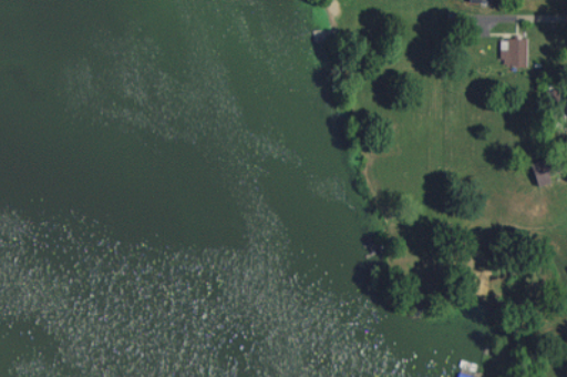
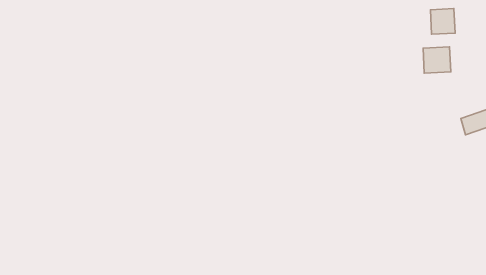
building: none -> [423,47,451,73]

